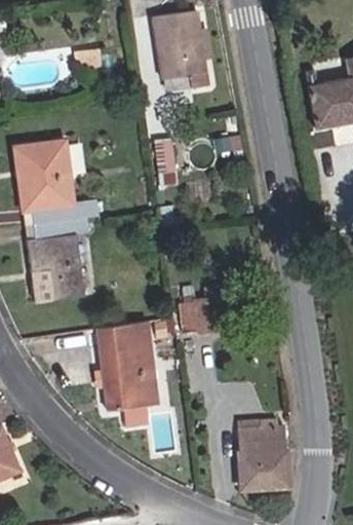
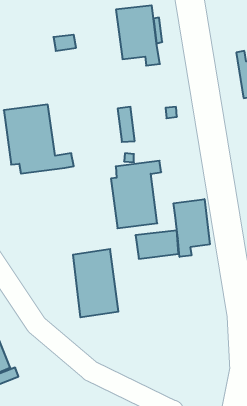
building: [27,217,90,302] -> [111,161,161,228]
building: none -> [174,199,210,257]
building: [238,418,287,487] -> none

